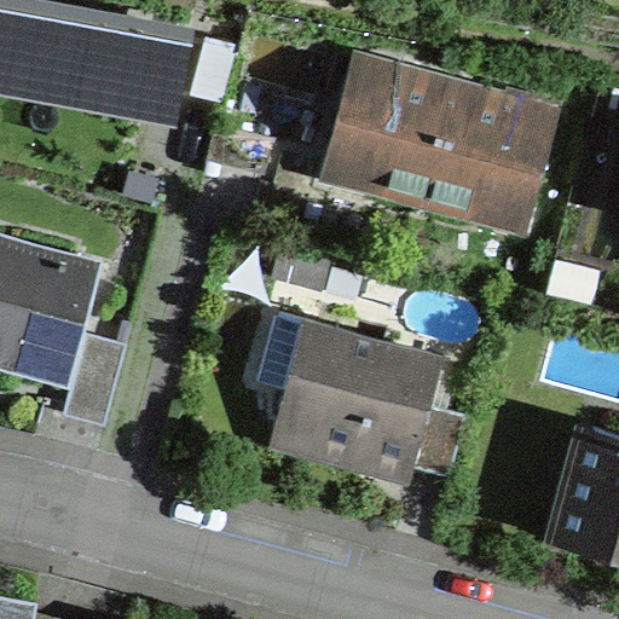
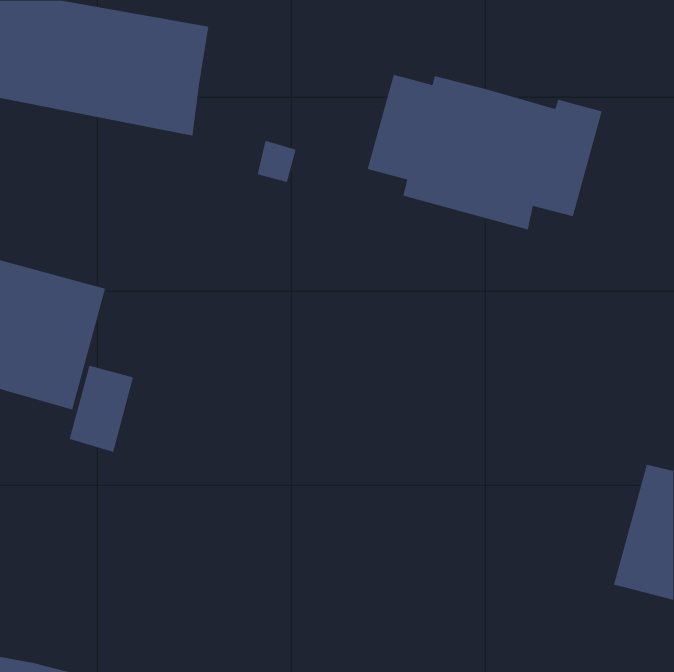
building: [259,312,464,476] -> none

